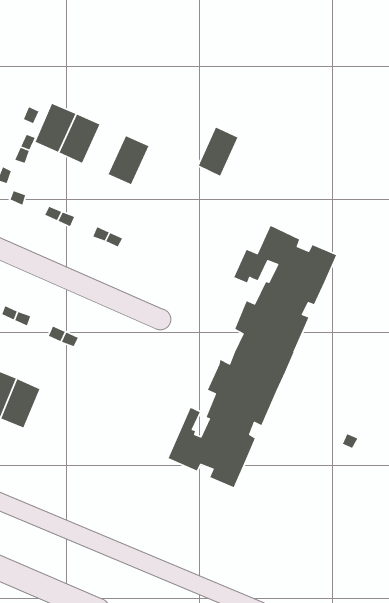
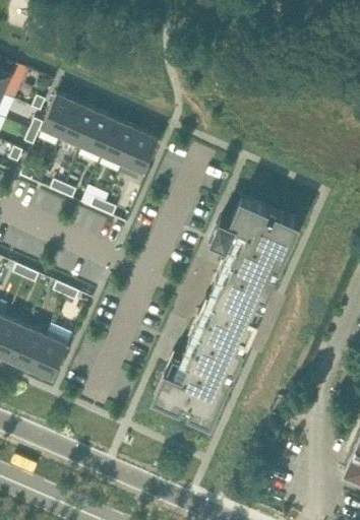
building: none -> [82,113,119,155]
building: [198,126,238,177] -> [124,131,159,174]
building: none -> [33,337,67,380]

